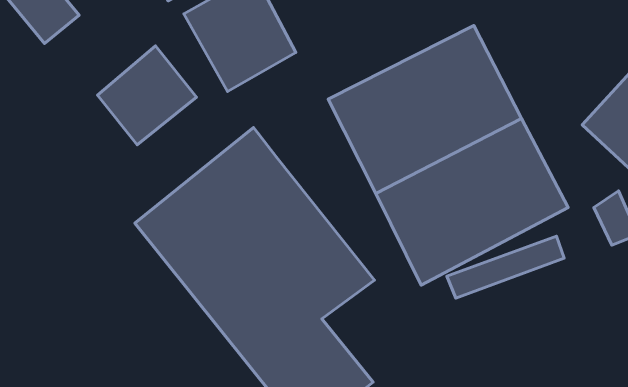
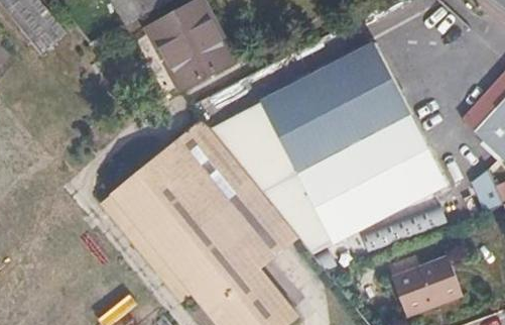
building: [98,46,197,145] -> none
building: none -> [206,98,333,255]
building: none -> [392,259,462,318]

